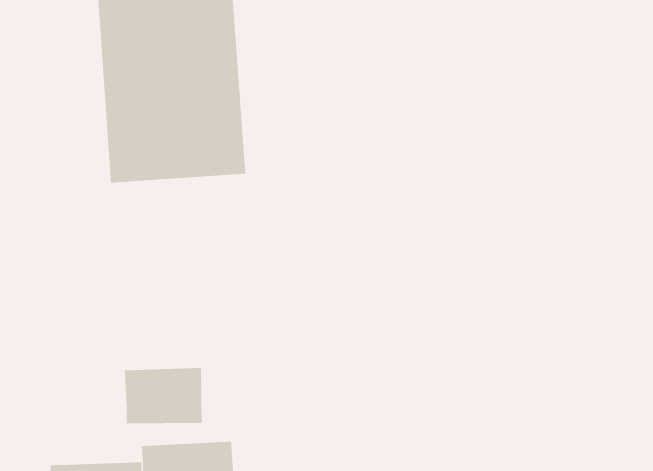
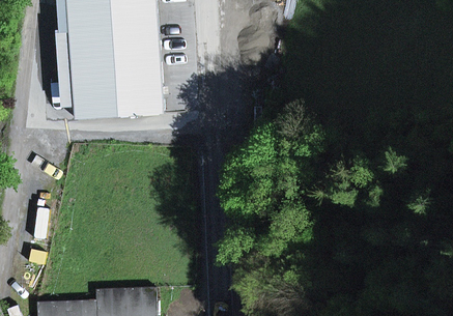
building: [124,367,202,424] -> none

